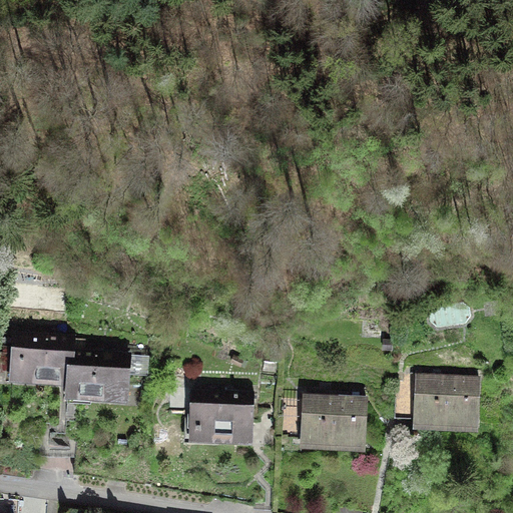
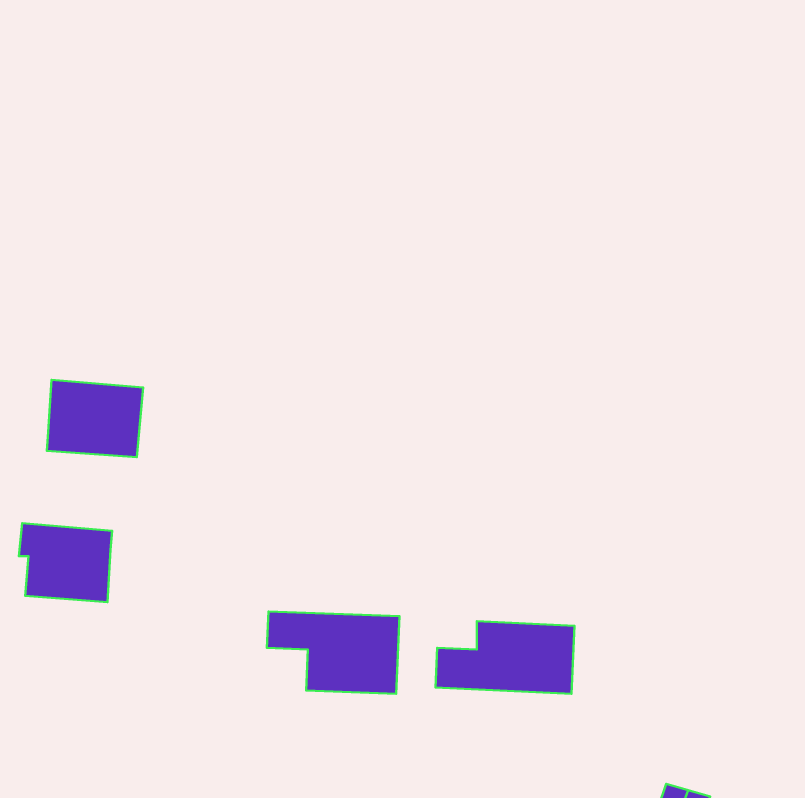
building: [67,355,128,404] -> [47,380,143,457]
building: [414,380,478,427] -> none

